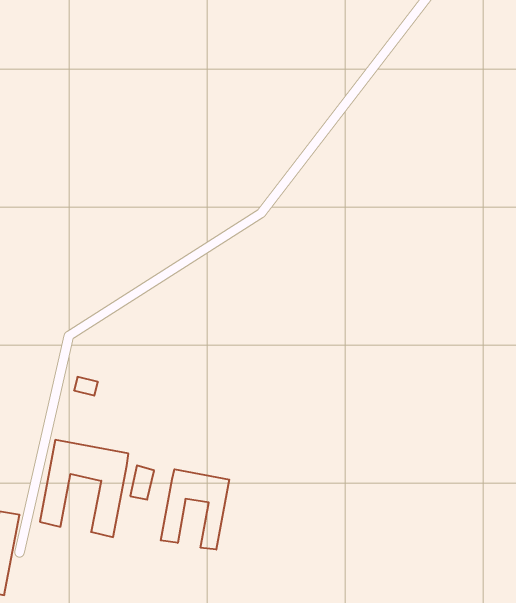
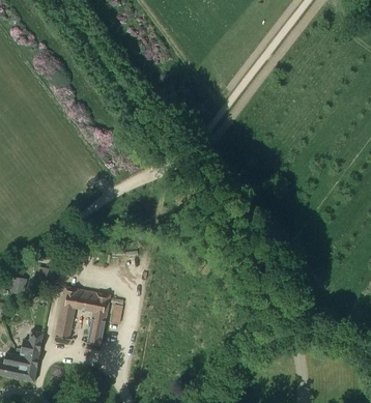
building: [161,469,229,550] -> none

